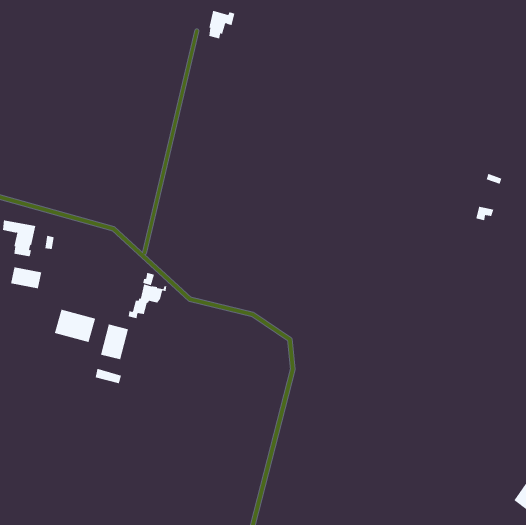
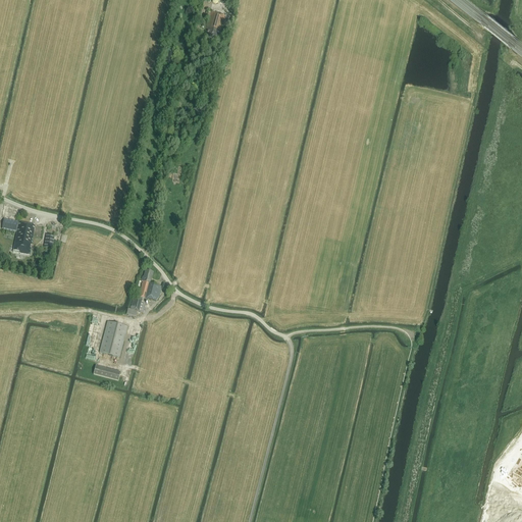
building: [10,267,42,289] -> none
building: [54,309,96,343] -> none

